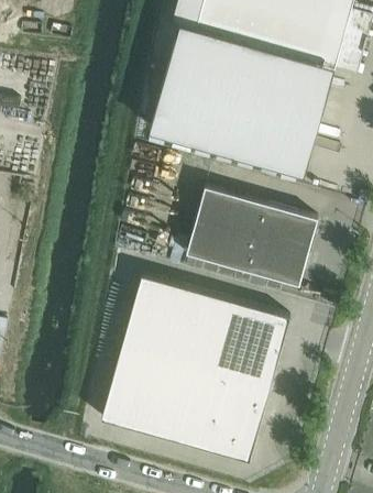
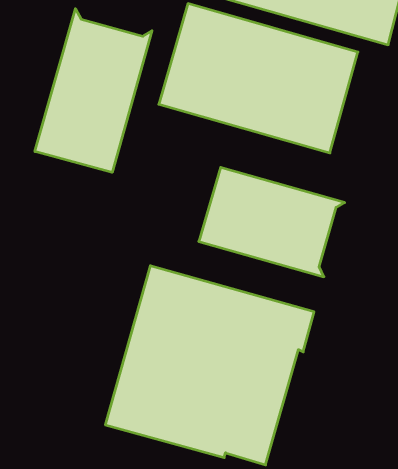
building: none -> [35,9,152,172]

